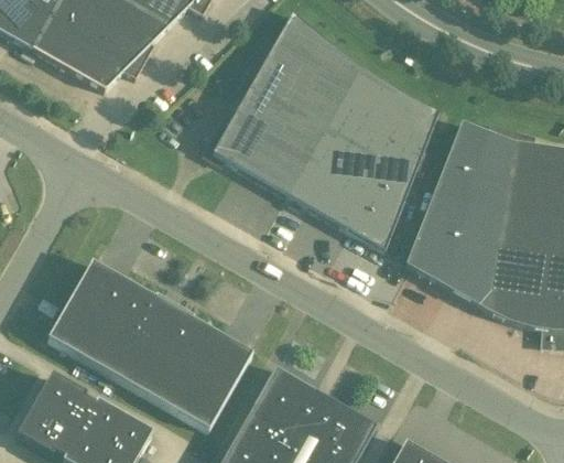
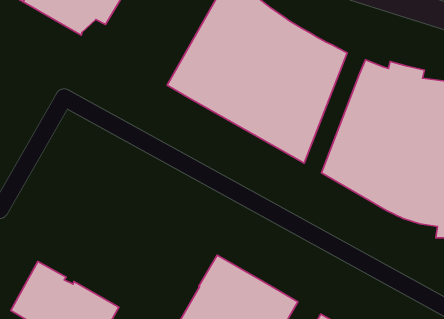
building: [47,260,252,429] -> none

